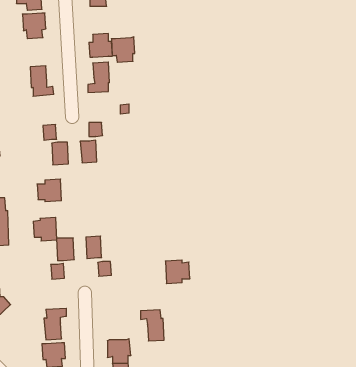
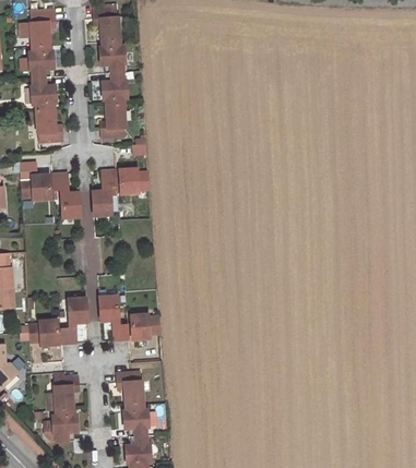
building: [111,37,135,62] -> [100,44,127,72]
building: none -> [32,75,57,103]
building: none -> [123,169,150,195]
building: [37,179,61,202] -> [21,173,48,199]
building: [33,217,57,241] -> [28,320,55,346]
building: [165,260,190,284] -> [133,314,161,340]
building: [141,310,164,341] -> [117,373,143,408]

